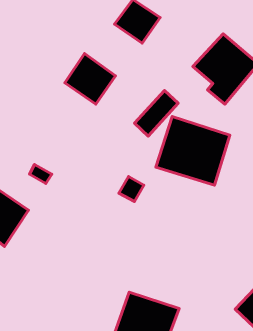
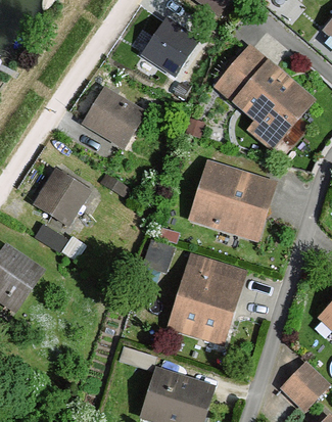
building: [134,90,178,136] -> [217,46,269,100]
building: none -> [32,170,87,224]
building: none -> [168,253,247,343]

